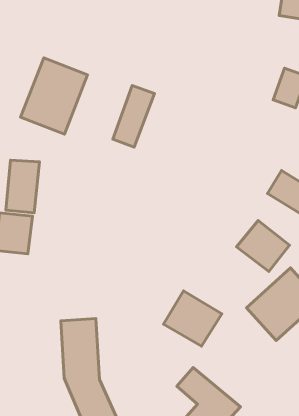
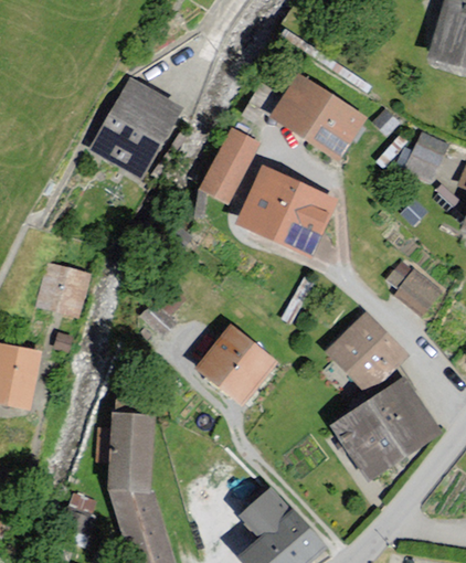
building: none -> [267,73,367,162]
building: none -> [237,168,338,256]
building: [6,160,39,213] -> none
building: [163,291,222,346] -> [198,326,272,397]

